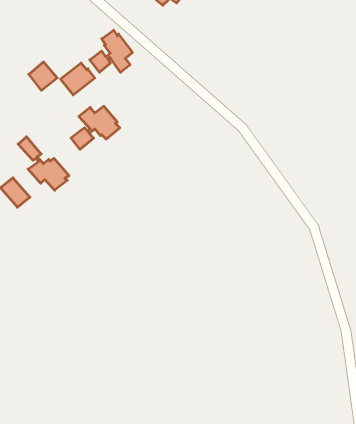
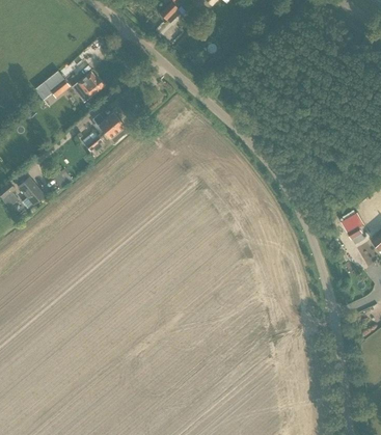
building: [90,30,132,72] -> none
building: [18,137,69,190] -> none

